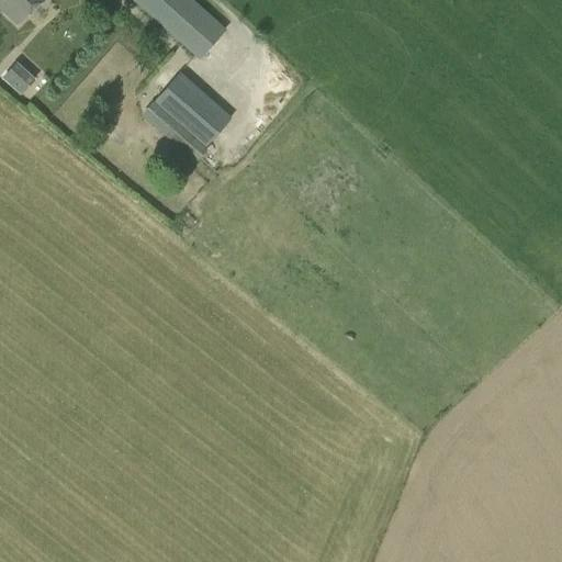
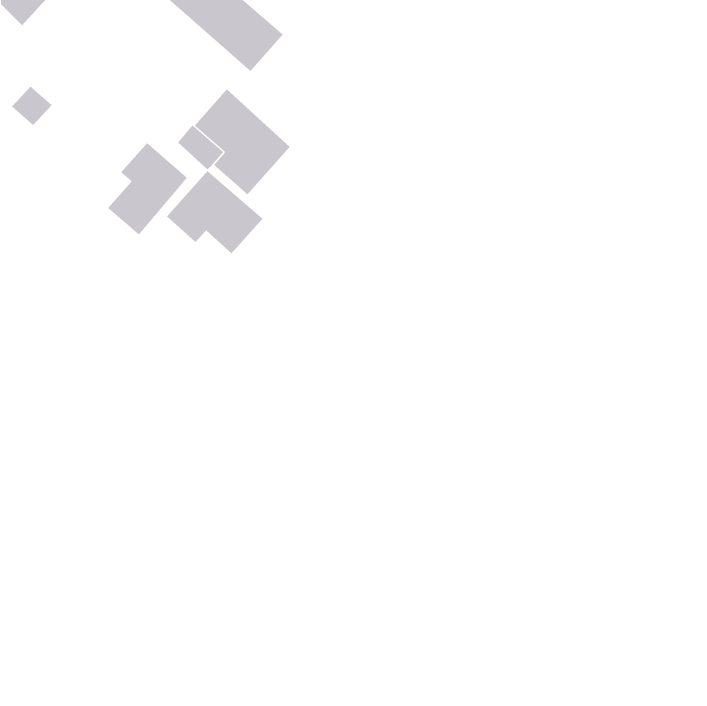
building: none -> [107,142,188,236]
building: none -> [166,170,263,254]

